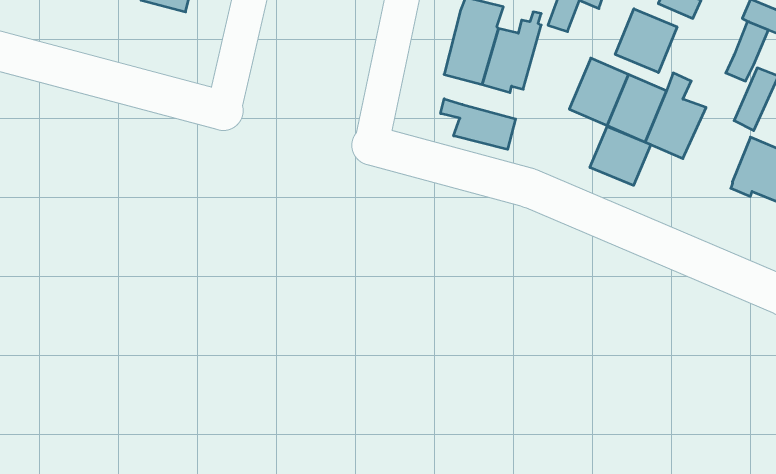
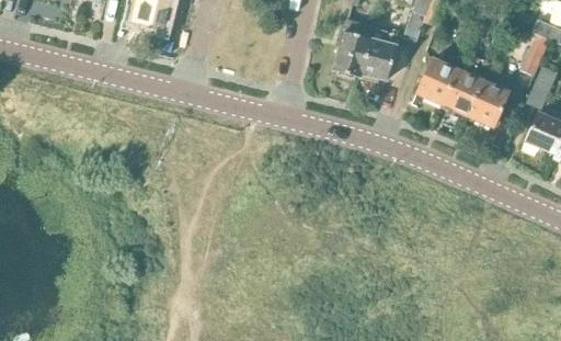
building: [615,9,677,73] -> none
building: [441,99,516,149] -> none
building: [590,127,651,185] -> none

